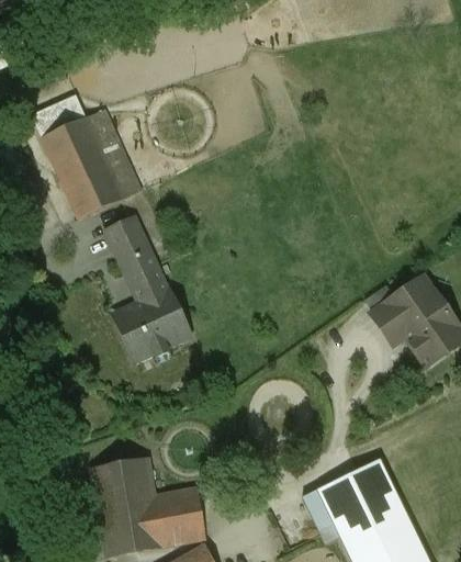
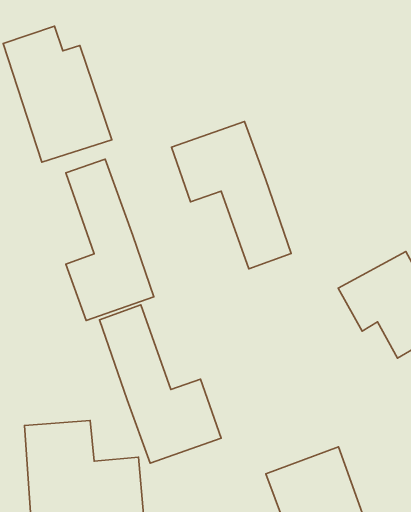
building: none -> [172,121,291,269]
building: none -> [100,305,221,463]

